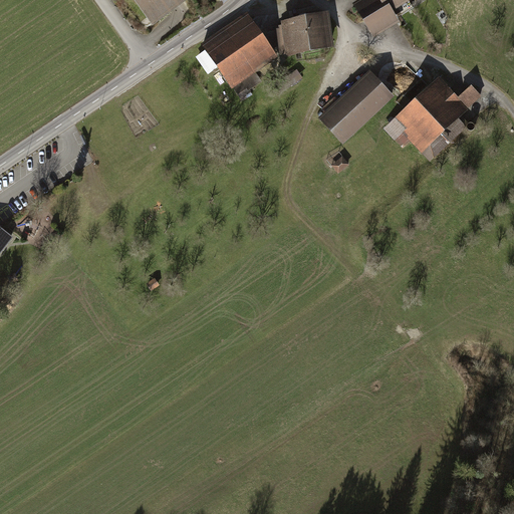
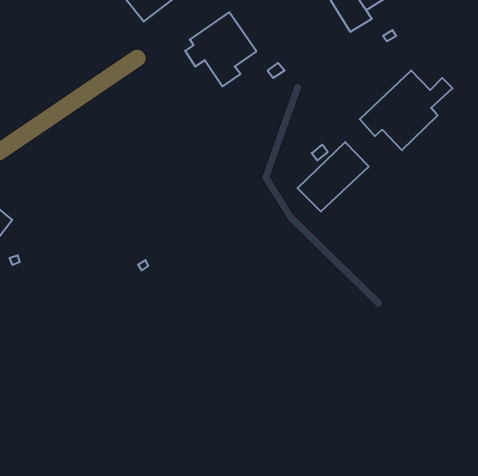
building: [275,10,333,53] -> none
building: [318,68,395,143] -> [297,142,369,212]

